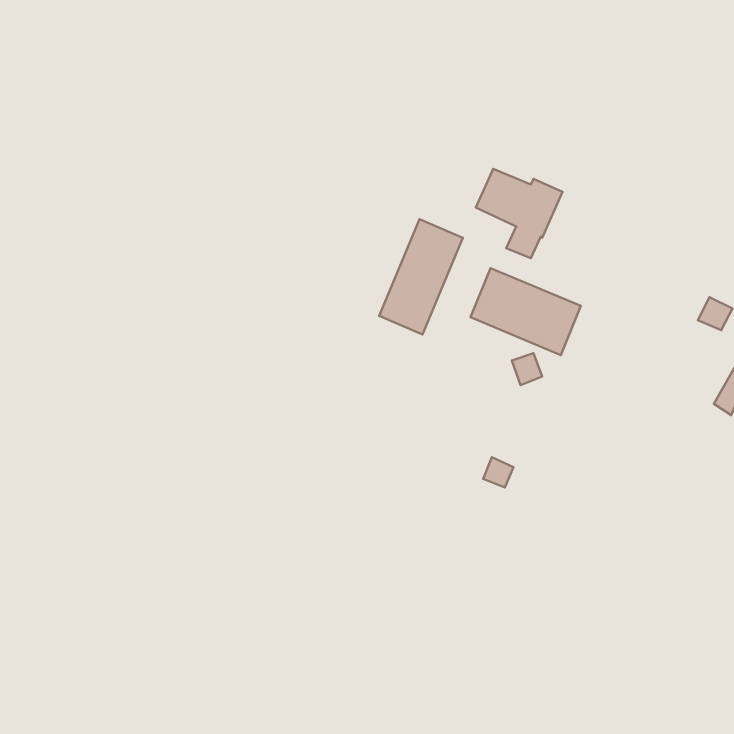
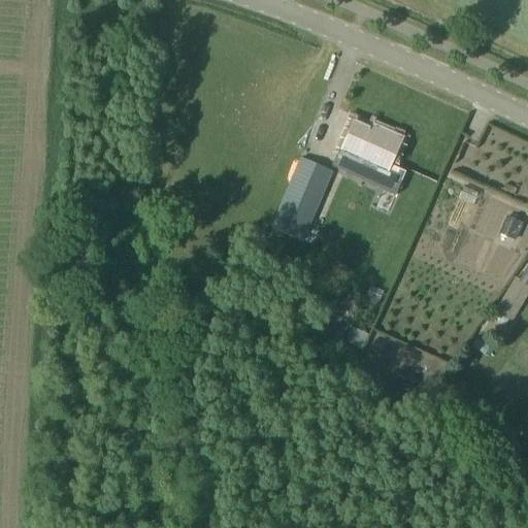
building: [471,268,581,355] -> none

